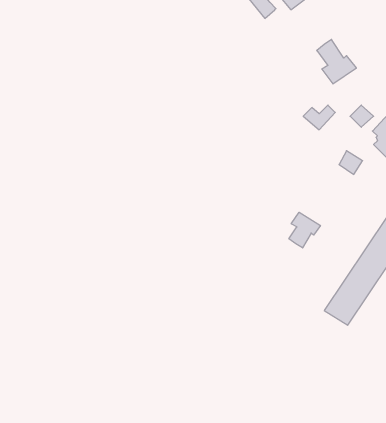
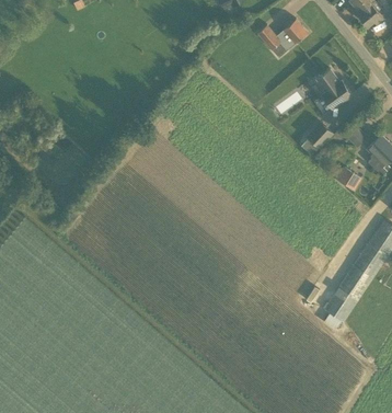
building: [289,212,320,248] -> none

